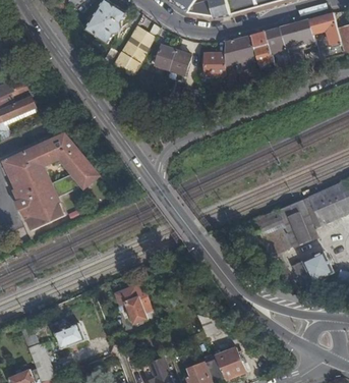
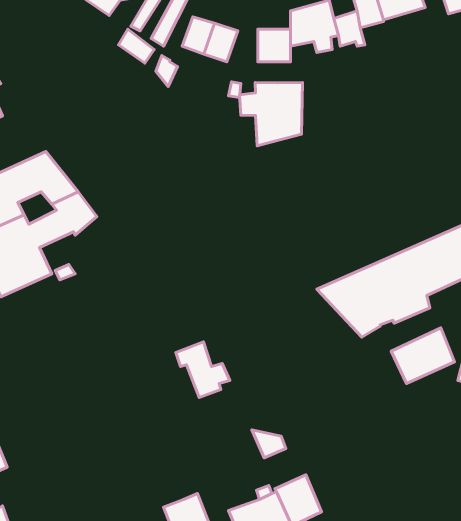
building: none -> [240,83,302,146]
building: [118,286,154,323] -> [176,342,230,397]
building: [55,323,85,348] -> none

